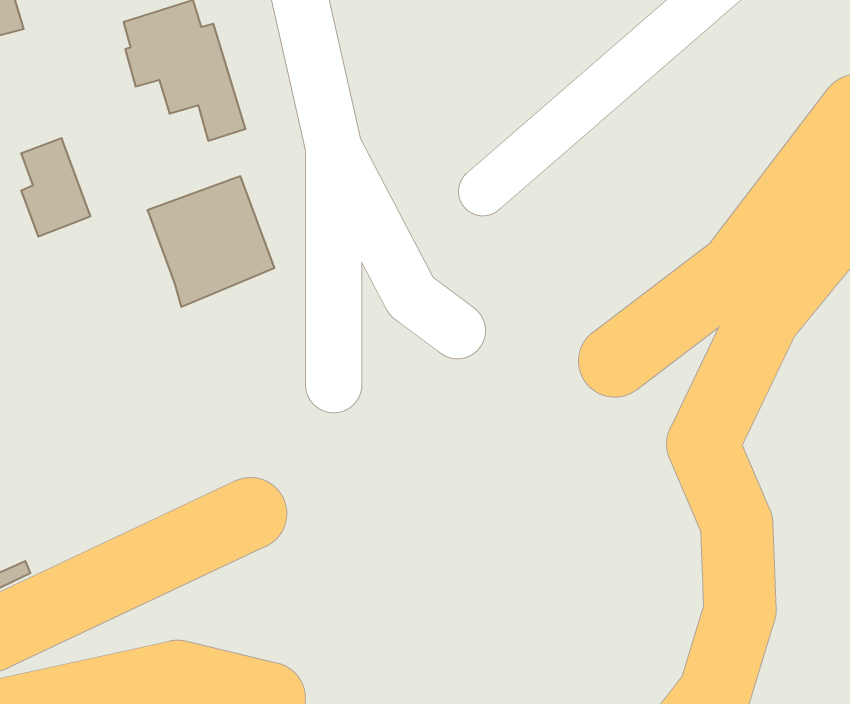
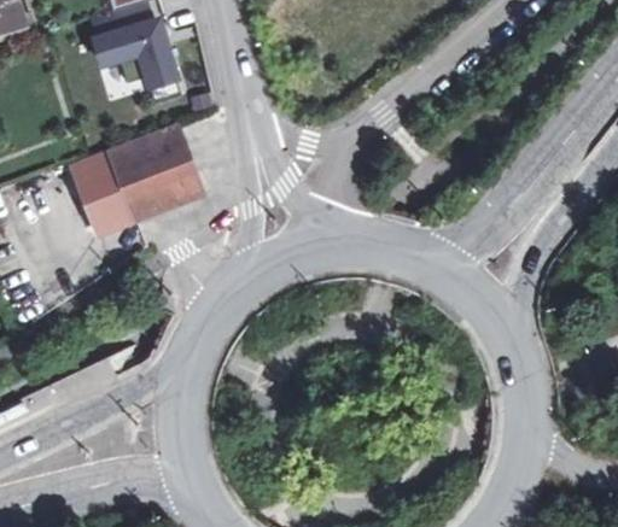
building: [21,138,91,236] -> [81,148,130,218]

